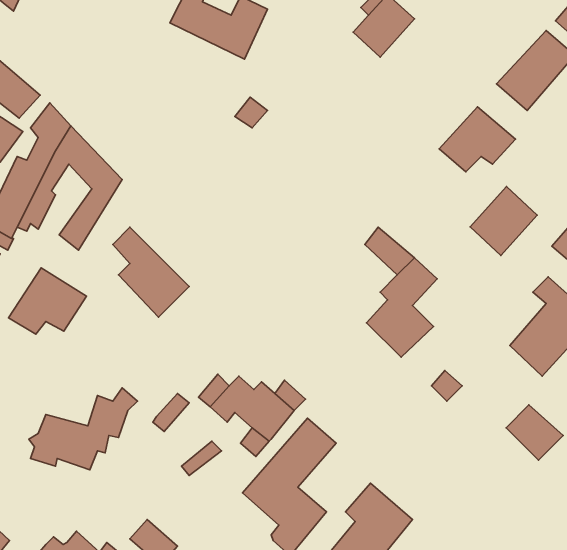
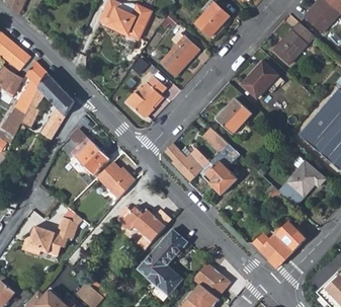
building: none -> [160,35,198,76]
building: none -> [127,75,168,117]
building: [470,187,537,255] -> [216,98,251,135]
building: none -> [166,144,210,181]
building: [9,268,87,334] -> none
building: none -> [91,165,131,203]
building: none -> [254,233,294,267]

